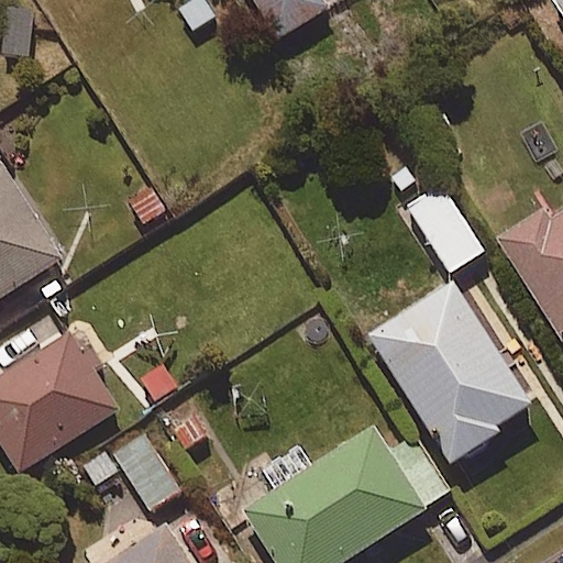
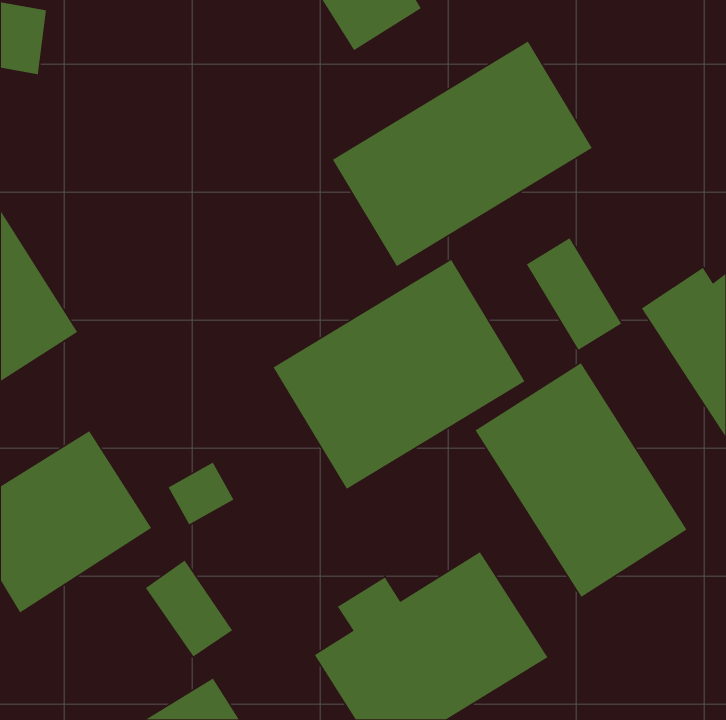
building: none -> [332,41,593,267]
building: none -> [272,259,525,490]

